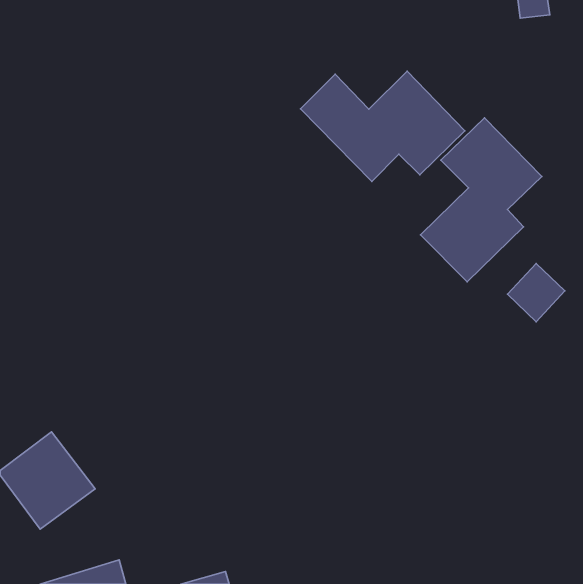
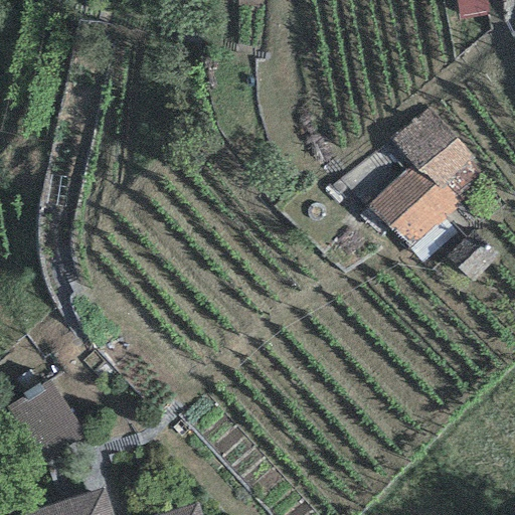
building: [300,71,465,182] -> none

